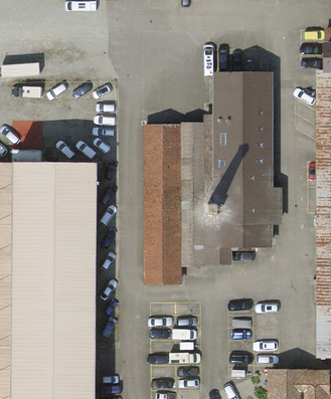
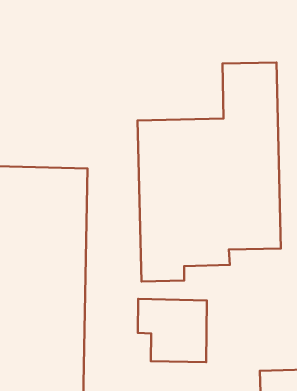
building: none -> [138,299,207,362]

